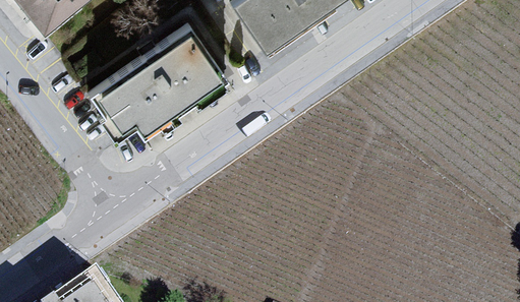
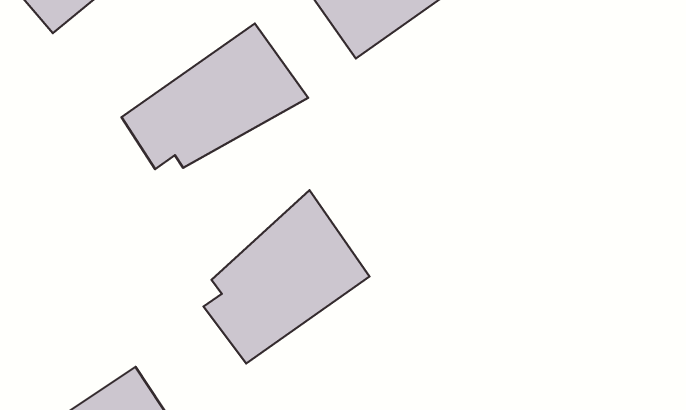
building: none -> [203,190,370,363]

